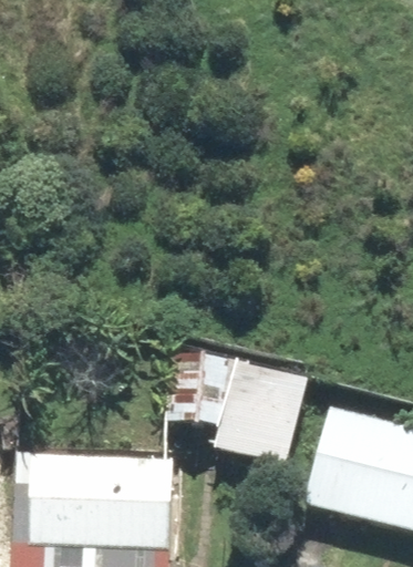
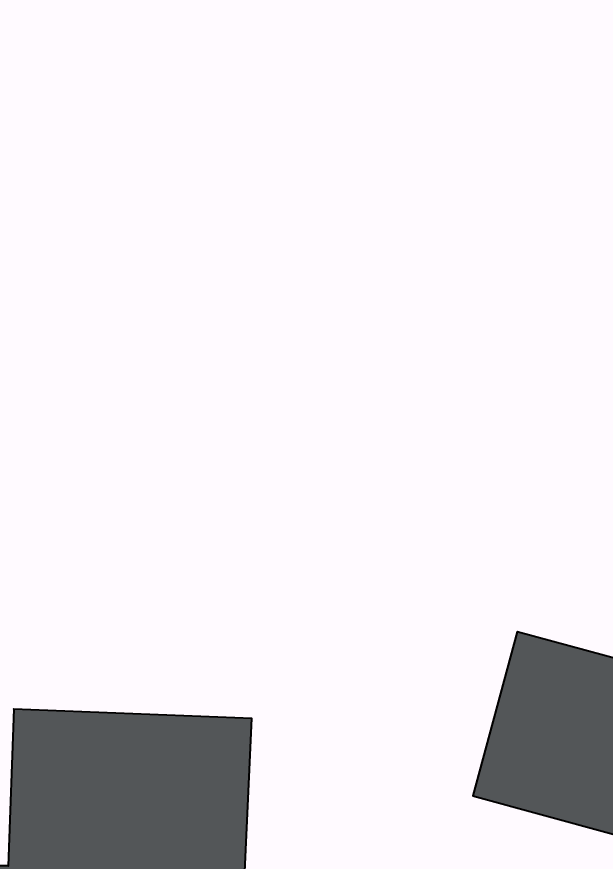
building: [154,349,309,467] -> none

